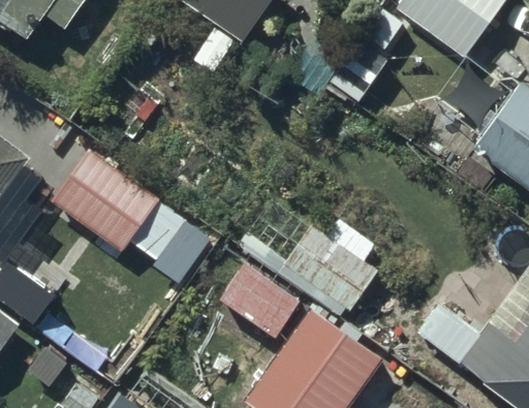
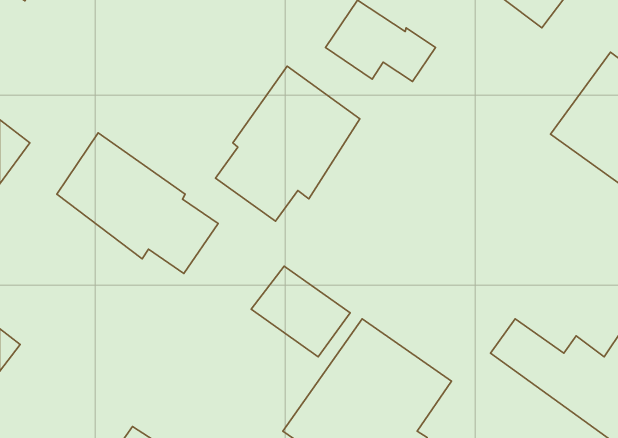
building: none -> [216,66,360,221]
building: [278,219,380,322] -> none

